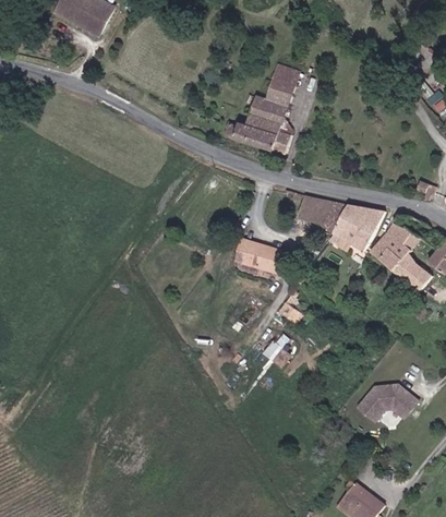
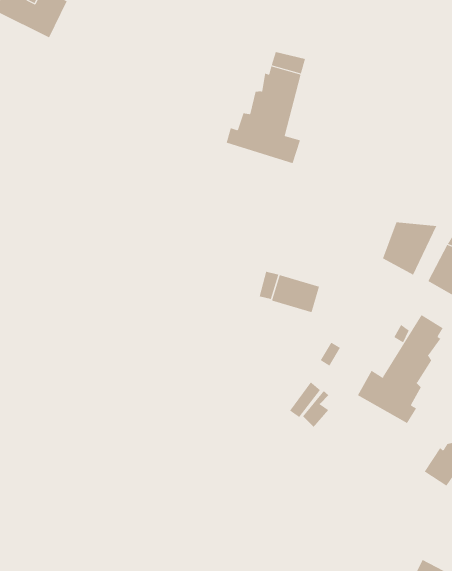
building: [305,199,354,237] -> none
building: none -> [357,314,444,424]

